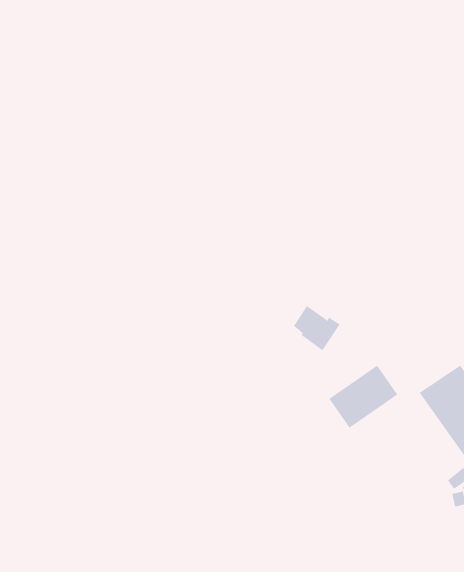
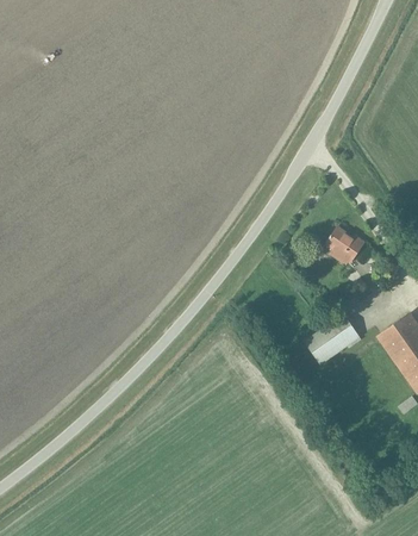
building: [293,305,341,351] -> [326,228,364,264]

